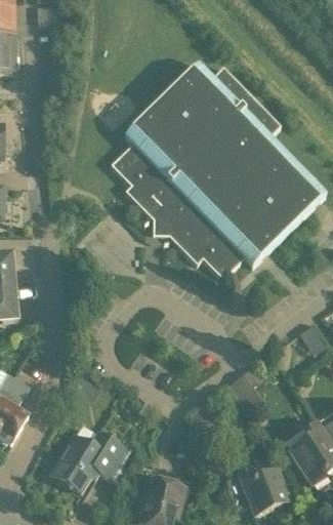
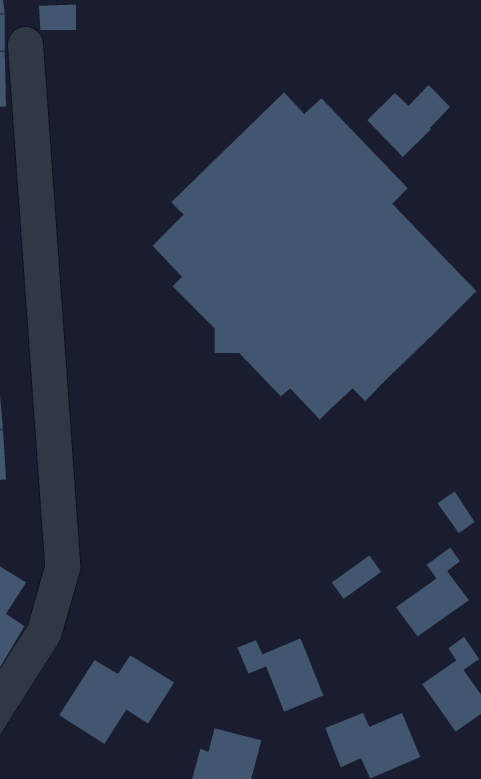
building: none -> [367,84,451,158]
building: none -> [395,546,470,637]
building: none -> [236,637,324,713]

